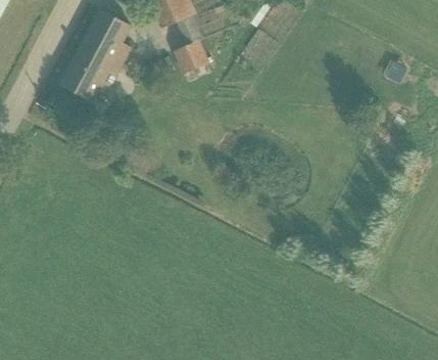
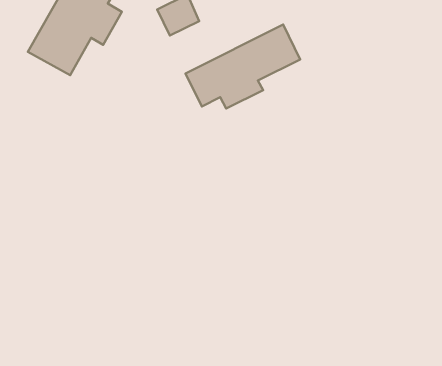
building: none -> [186,25,300,109]

